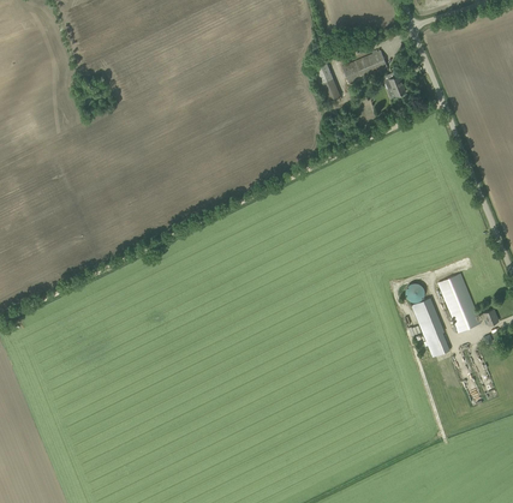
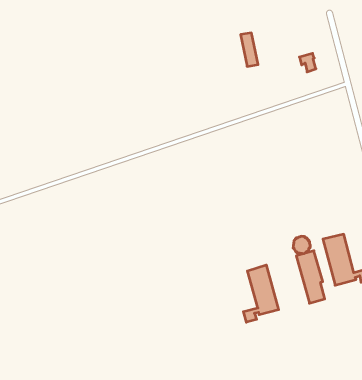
building: [342,50,389,84] -> none
building: none -> [243,265,279,322]

